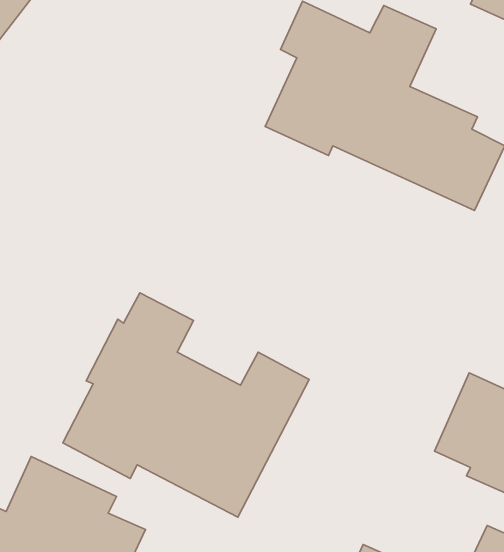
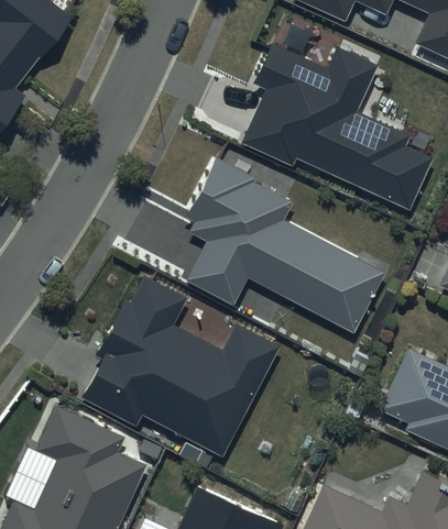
building: none -> [189,159,379,323]

